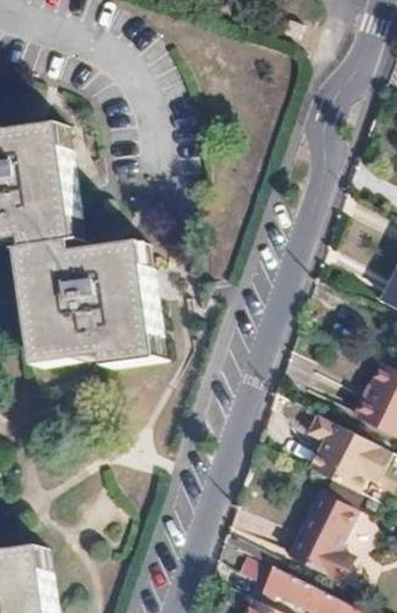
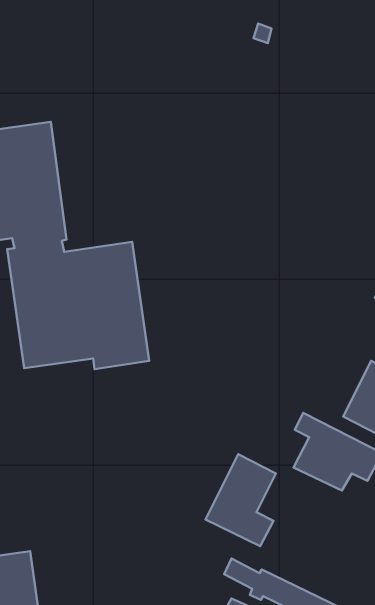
building: [286,492,355,583] -> [205,454,276,546]

